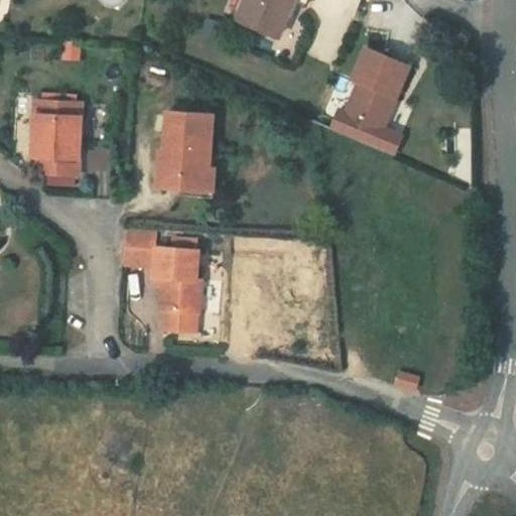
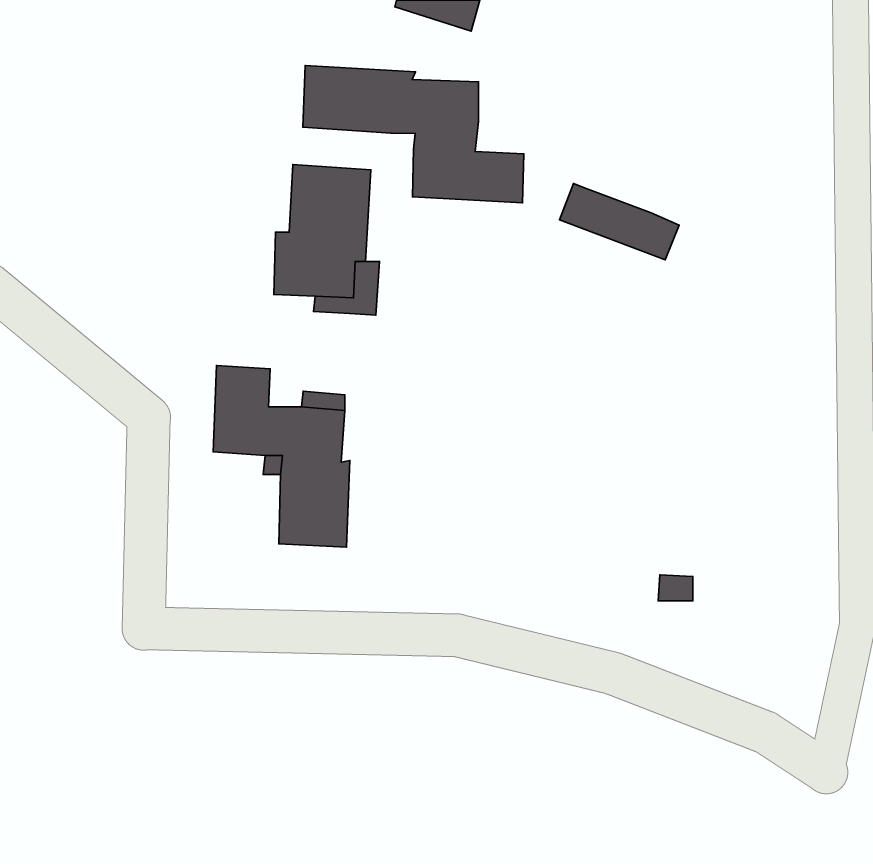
building: none -> [303,66,524,203]
building: [342,57,403,136] -> none
building: [29,99,79,171] -> none

